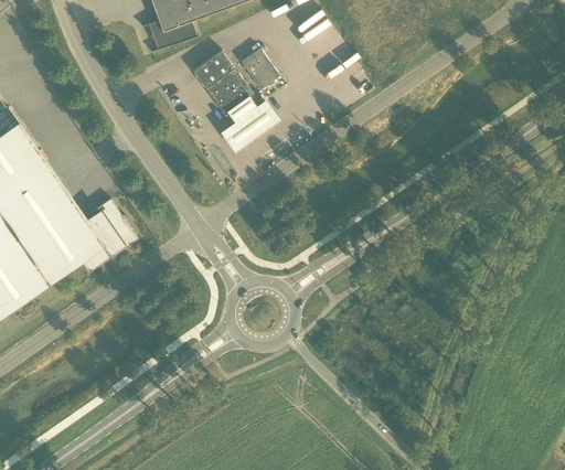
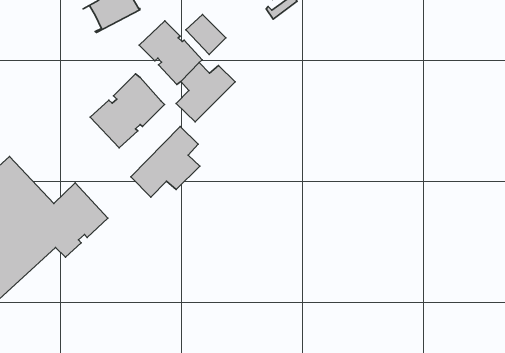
building: none -> [90,74,165,148]
building: none -> [131,126,200,197]

